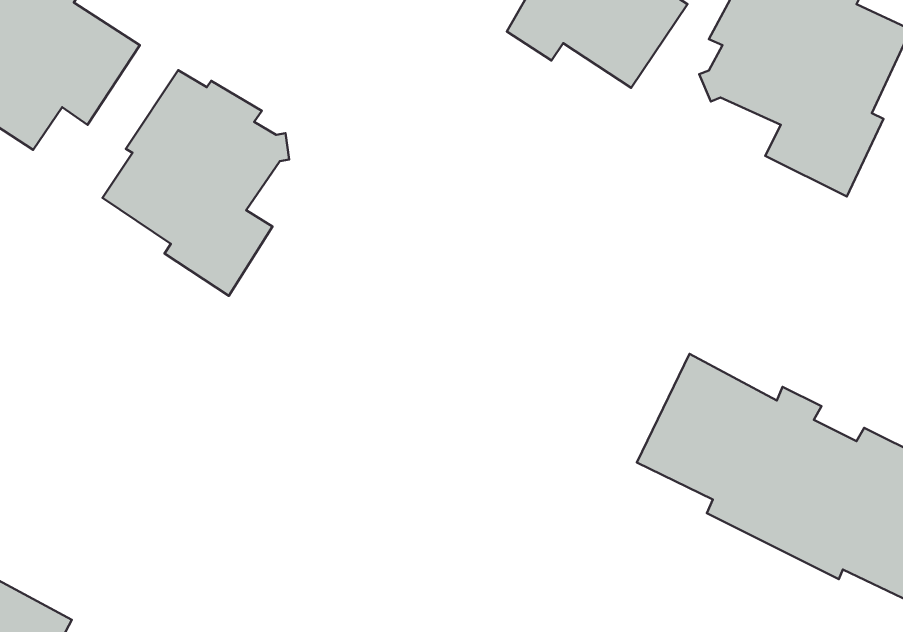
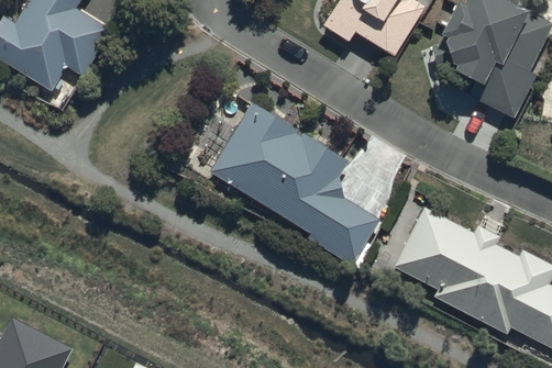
building: [102,70,289,296] -> none
building: none -> [208,100,380,267]

